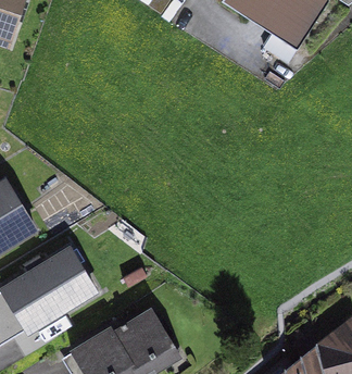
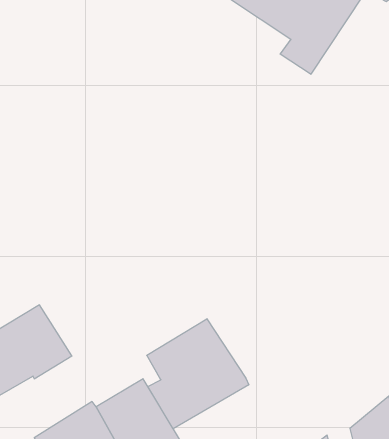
building: none -> [147,319,249,429]

